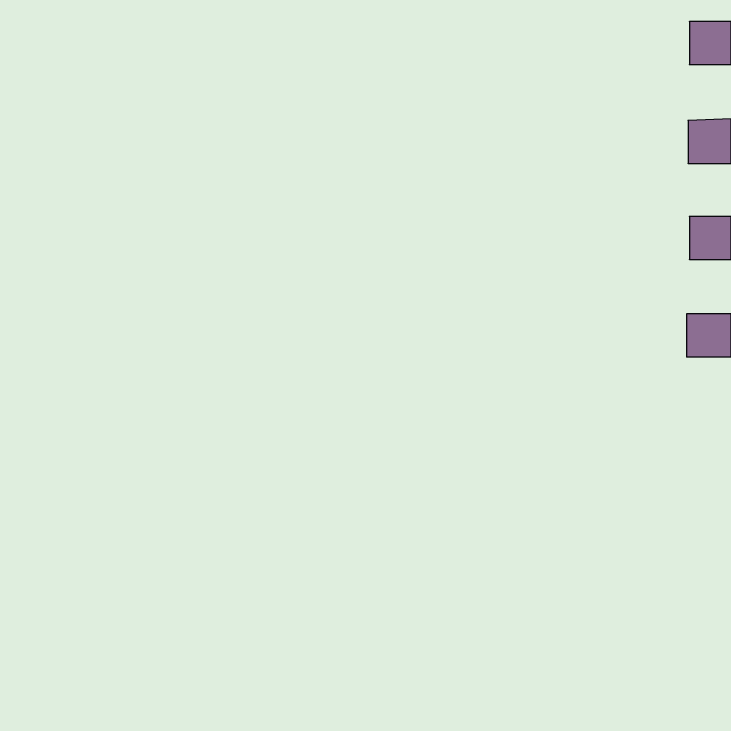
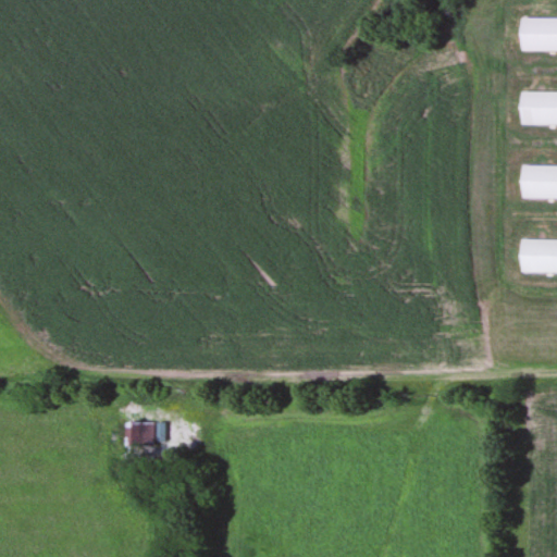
building: none -> [129,422,157,448]

